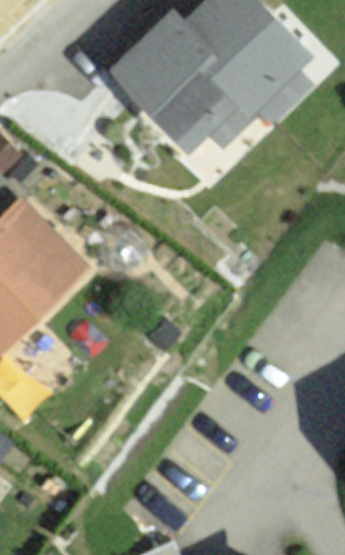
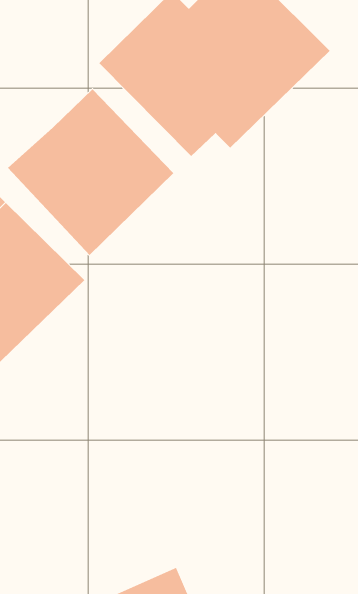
building: none -> [7,89,174,256]

